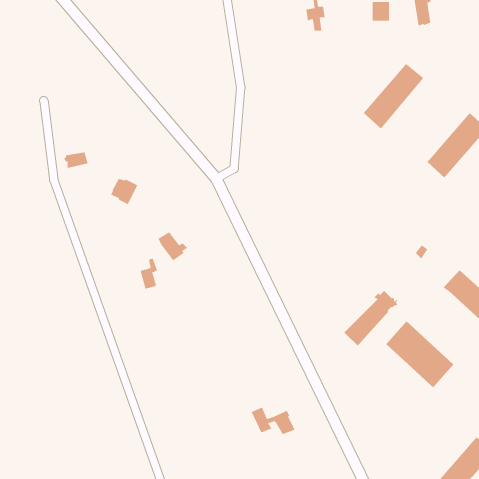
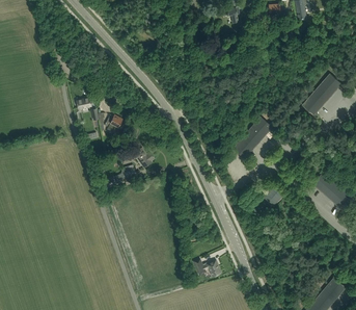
building: [363,63,424,129] -> [234,118,272,159]
building: [385,321,454,388] -> none

